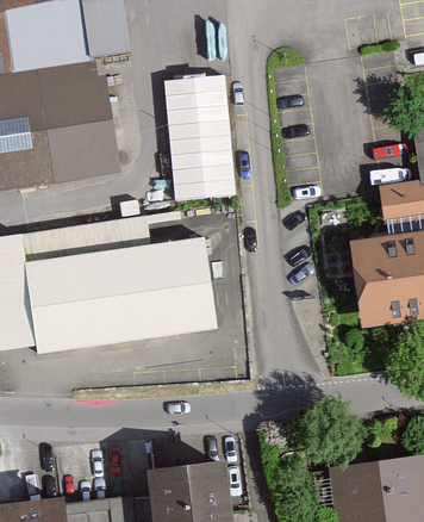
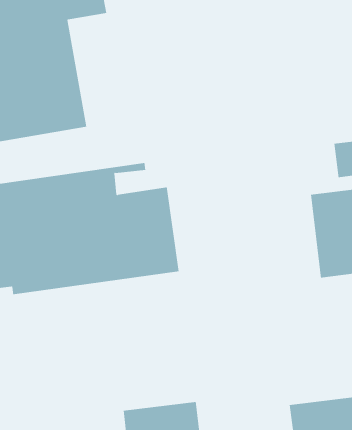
building: [162,77,236,200] -> none

